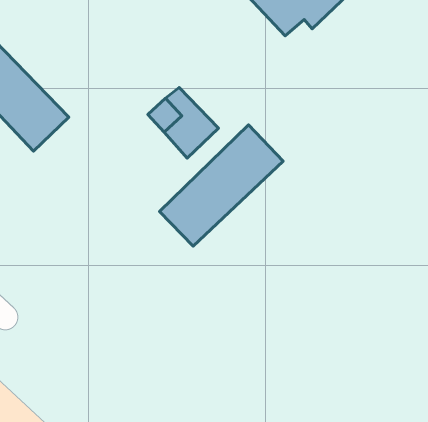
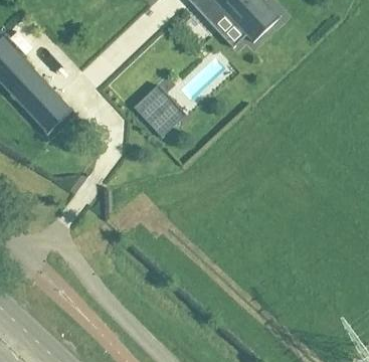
building: [160,125,283,246] -> none

